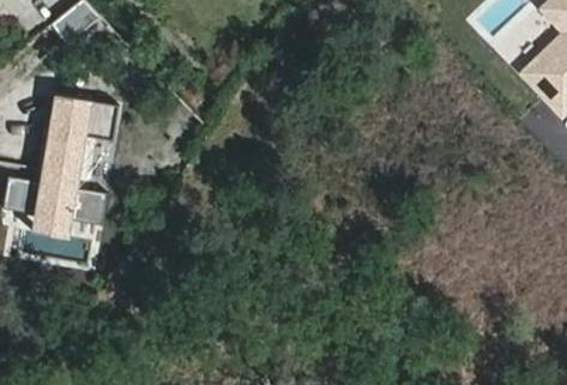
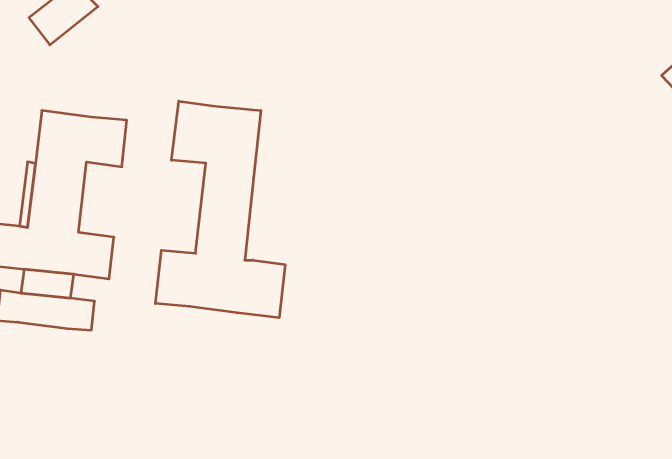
building: none -> [155,101,285,318]

